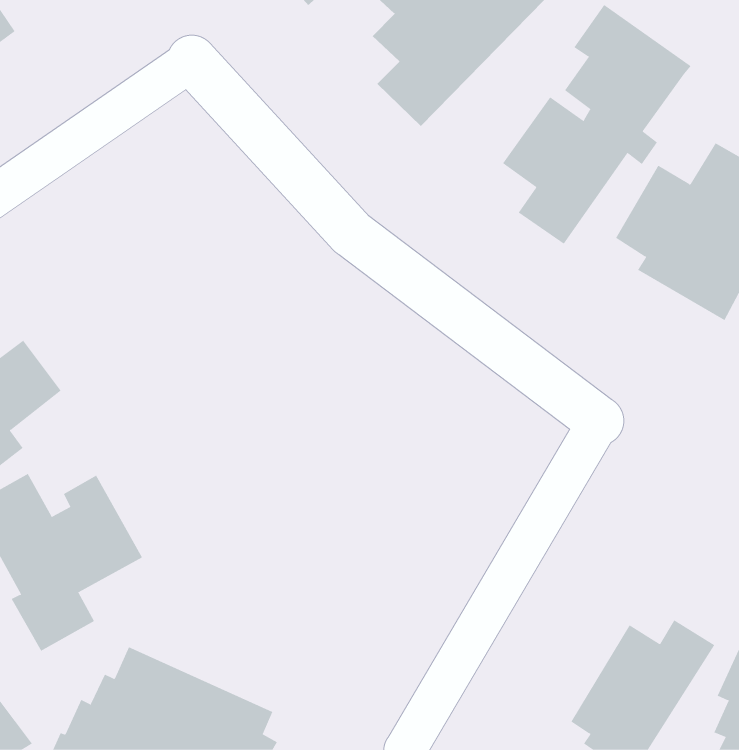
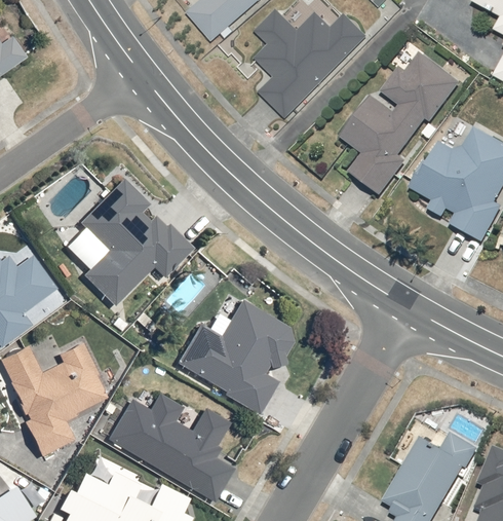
building: none -> [68,175,193,305]
building: none -> [175,301,296,414]
building: none -> [105,394,232,500]

